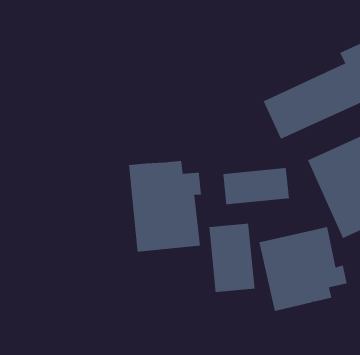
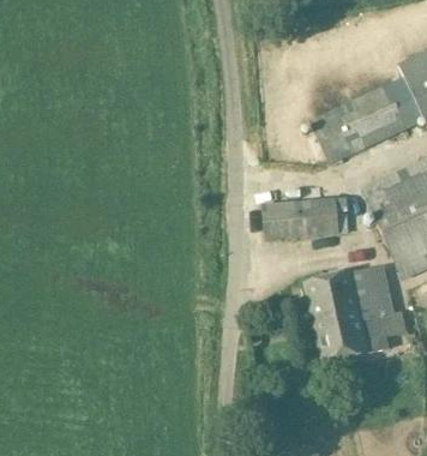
building: [129,160,202,252] -> none
building: [209,223,255,293] -> none

